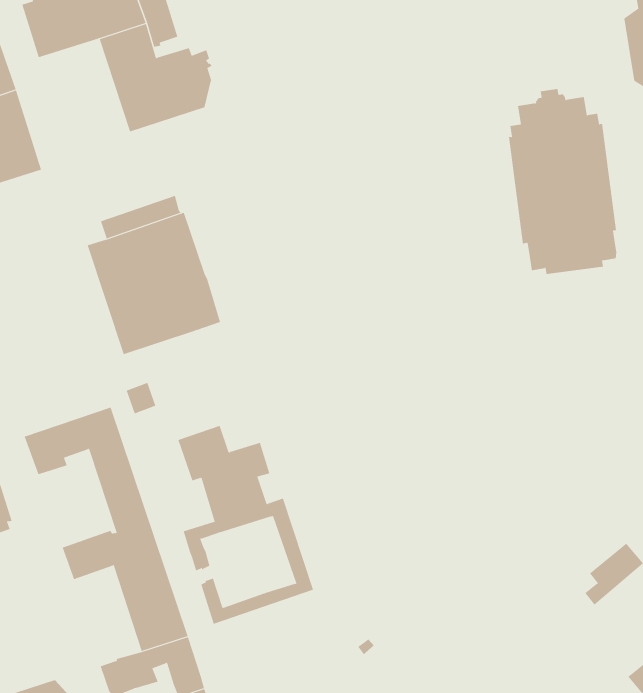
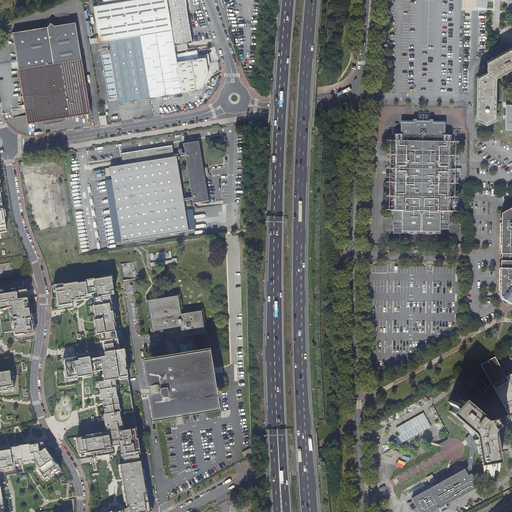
building: none -> [98,35,149,103]
building: none -> [183,139,208,201]
building: none -> [148,359,209,412]

